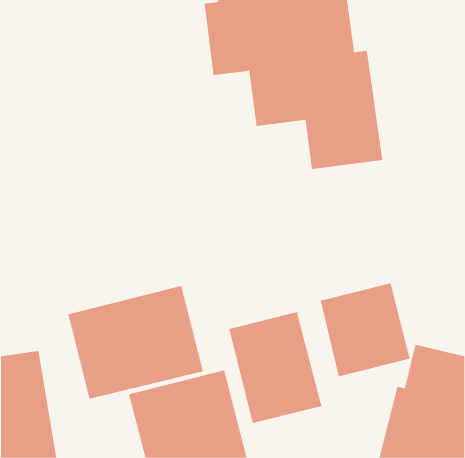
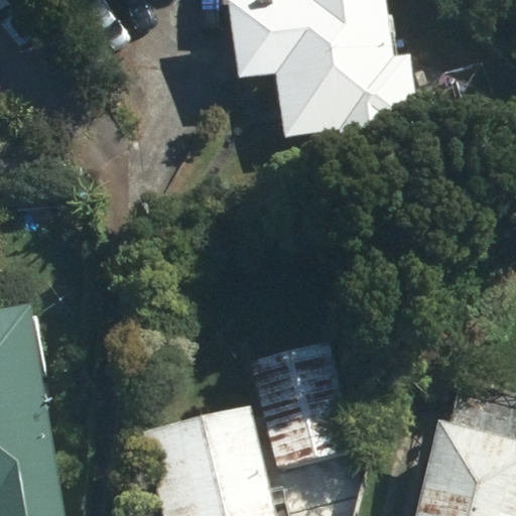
building: [320,283,410,377] -> none
building: [68,285,204,399] -> none

